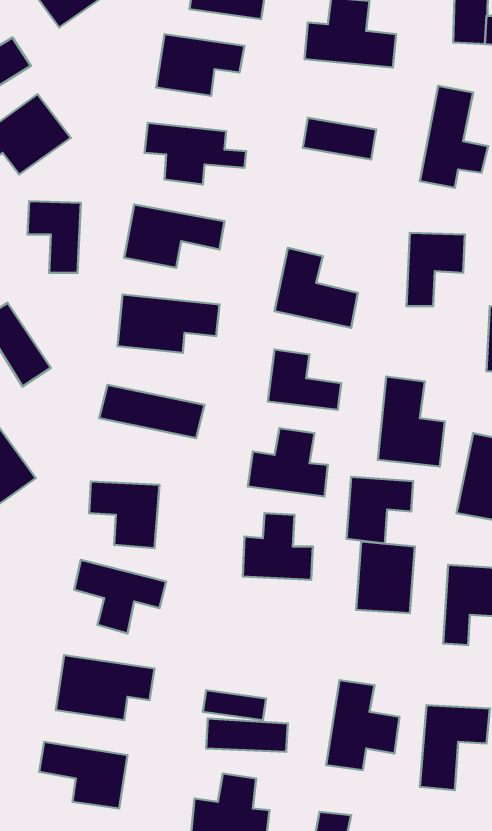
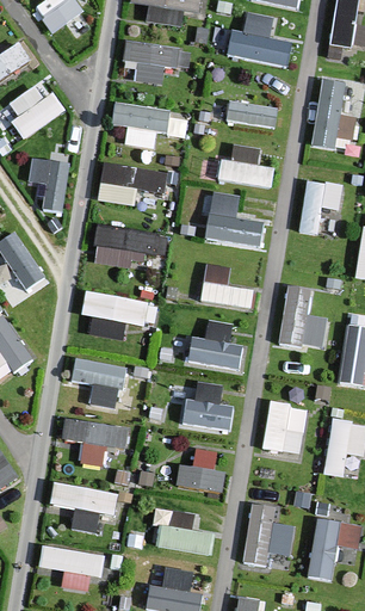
building: none -> [219,147,273,185]
building: [347,477,413,543] -> none
building: none -> [177,448,225,493]

